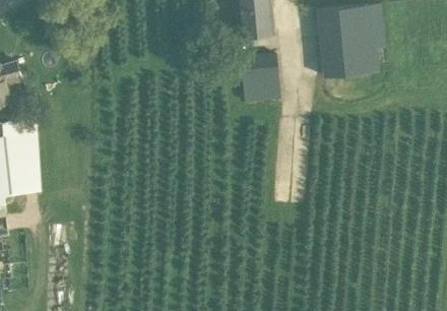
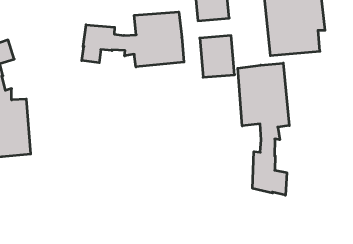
building: none -> [82,12,184,67]
building: none -> [238,63,289,195]

